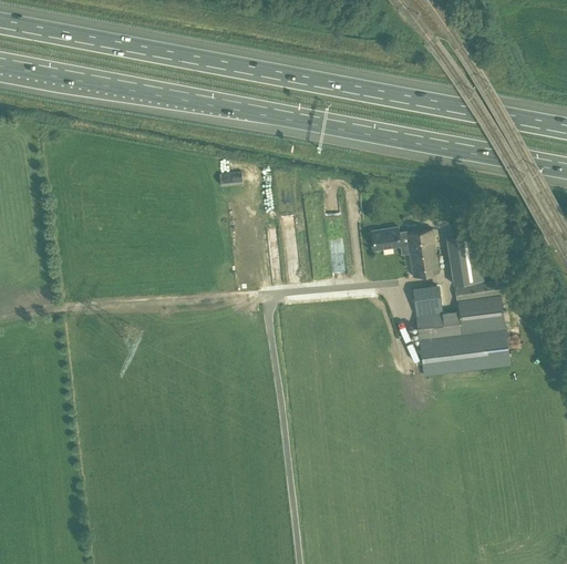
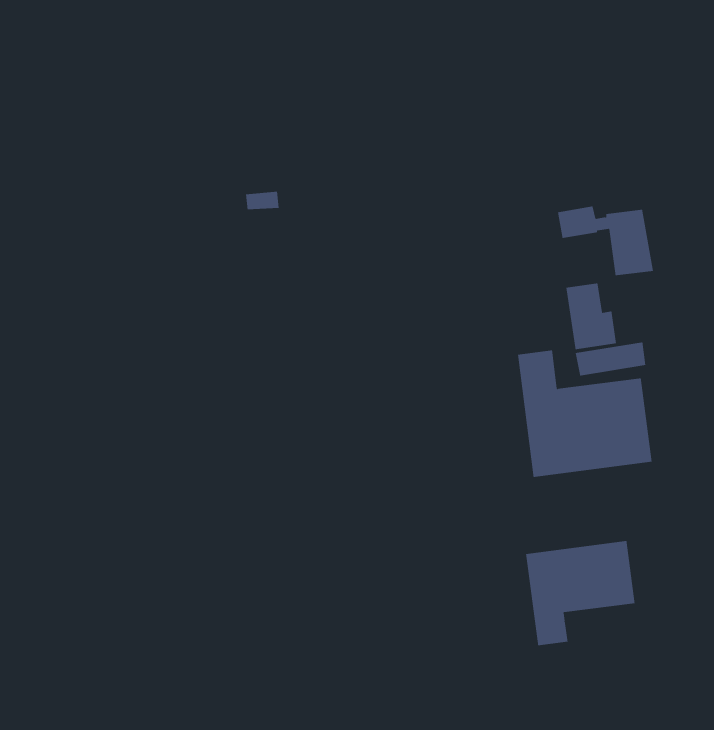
building: [370,226,439,276] -> [557,206,654,276]
building: none -> [526,540,635,646]

